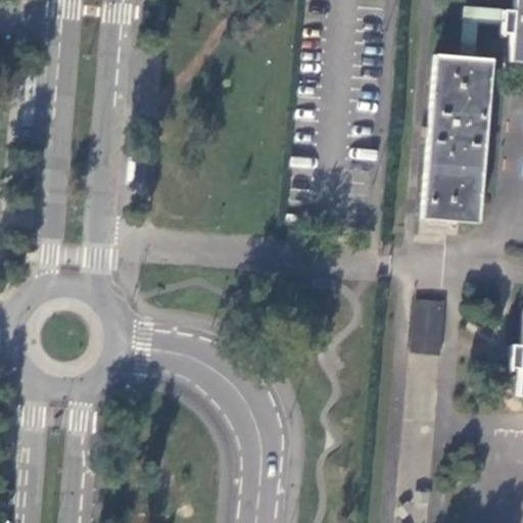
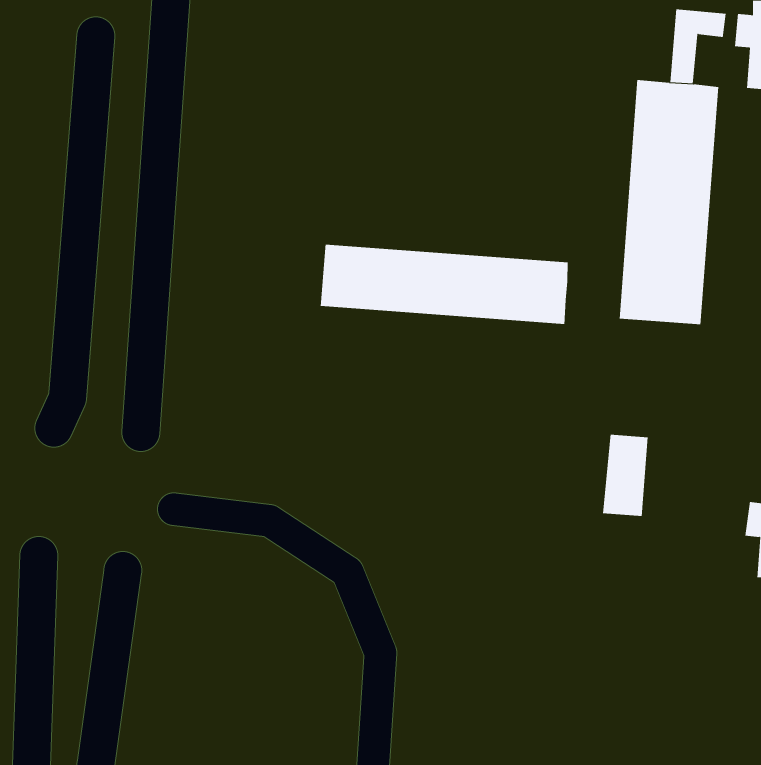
building: none -> [320,244,568,325]

